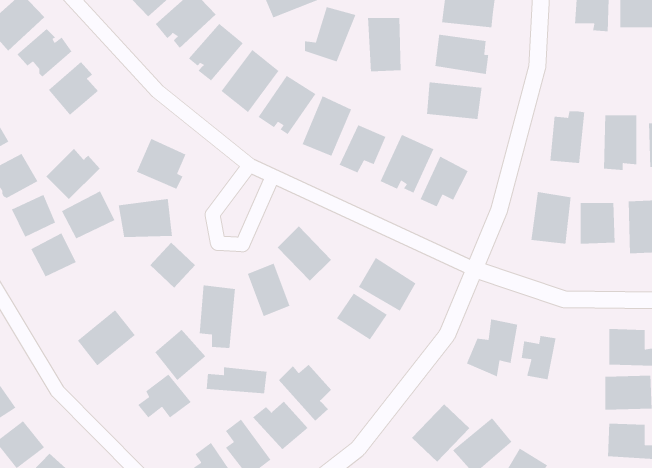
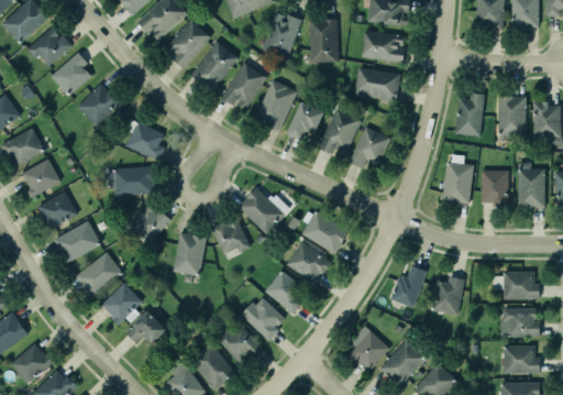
building: [46,148,100,200] -> [78,84,122,125]
building: [61,190,116,240] -> [55,221,99,261]
building: [154,329,206,381] -> [100,282,142,323]
building: none -> [264,268,309,311]
building: [206,367,267,394] -> none

